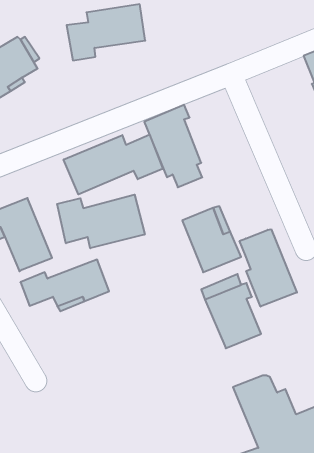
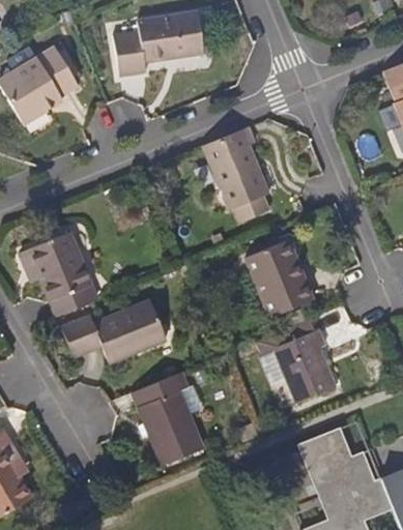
building: [64,134,163,194] -> none
building: [57,195,145,248] -> none
building: [240,229,297,307] -> none
building: none -> [133,372,203,465]

